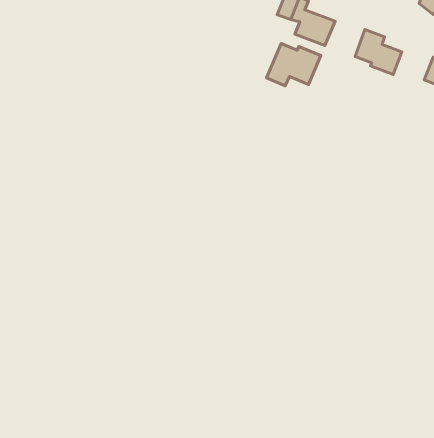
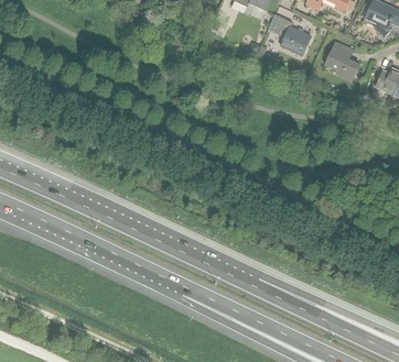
building: [266,43,321,86] -> none

